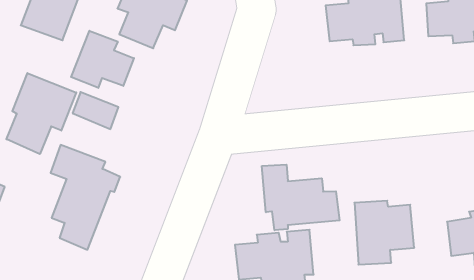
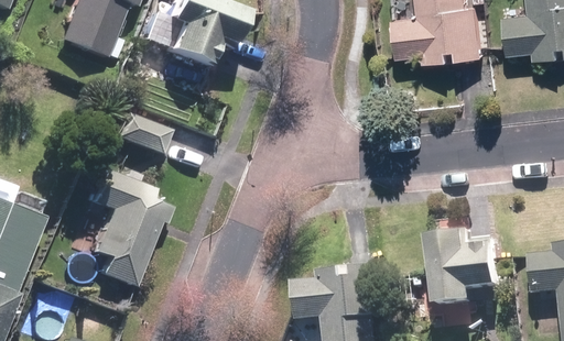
building: [71,31,134,88] -> none
building: [6,73,76,154] -> none
building: [262,165,340,230] -> none

